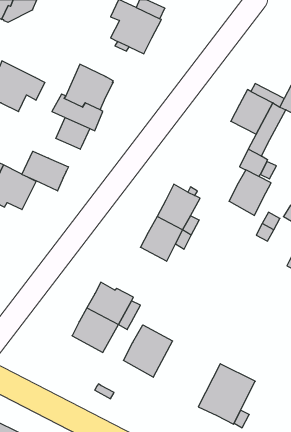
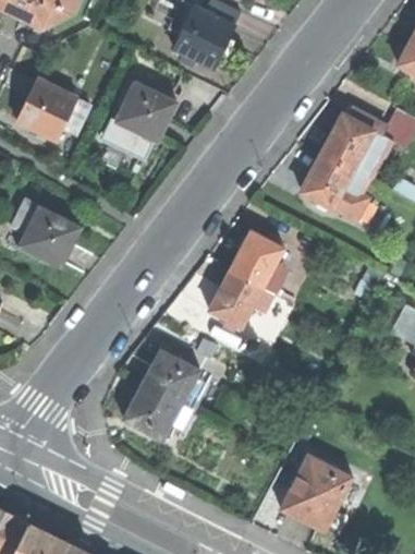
building: [56,118,90,149] -> none
building: [22,151,68,191] -> none
building: [229,170,271,215] -> [301,152,353,208]
building: [123,325,173,377] -> none

